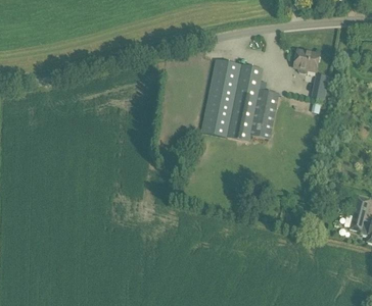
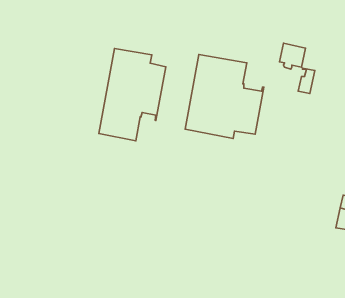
building: none -> [99,49,166,141]

